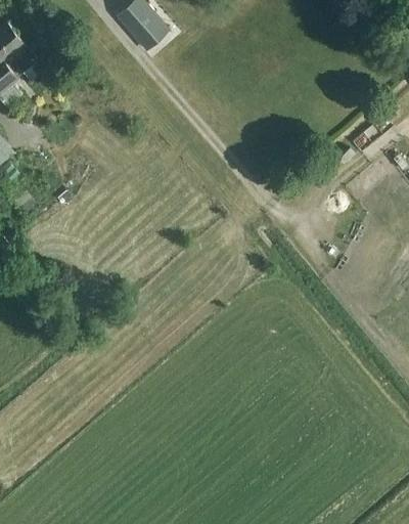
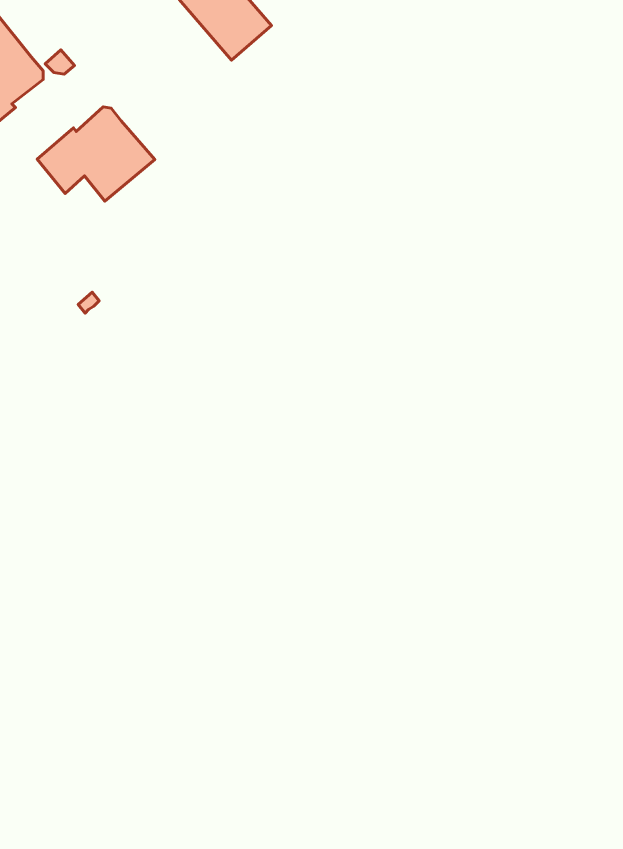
building: none -> [37,107,155,201]

